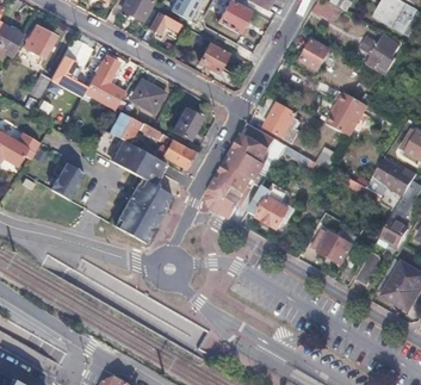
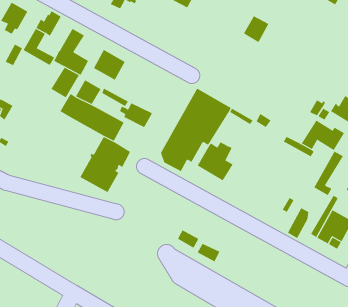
building: [359,37,397,75] -> none
building: [197,43,240,72] -> none
building: [324,93,366,138] -> none
building: [264,103,305,143] -> none
building: [172,107,202,139] -> none
building: [50,163,83,199] -> [51,67,80,98]
building: [310,229,351,263] -> none

